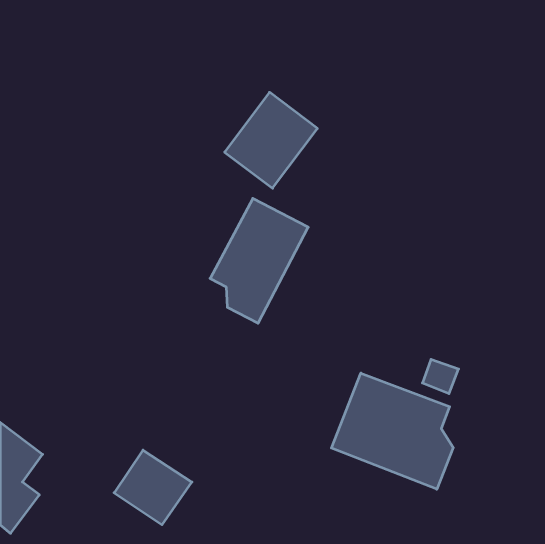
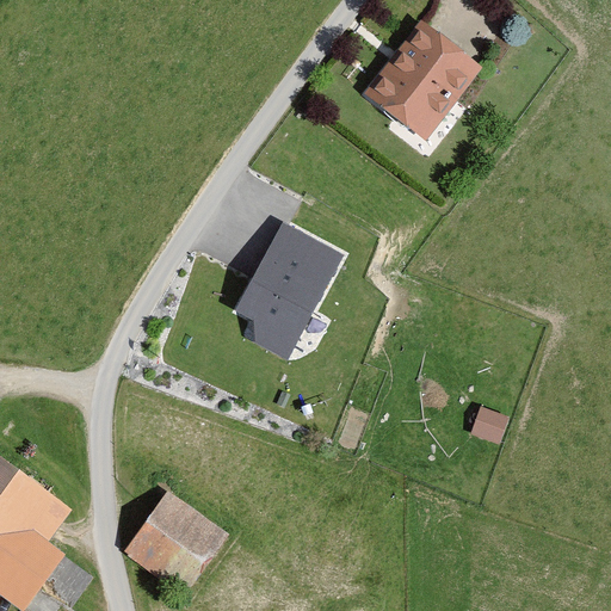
building: [225,92,317,188] -> [364,24,468,131]
building: [331,373,453,489] -> none

